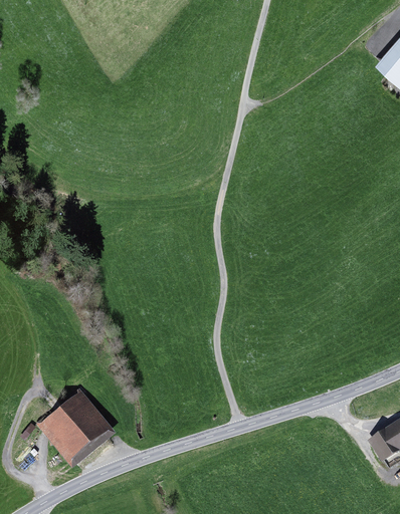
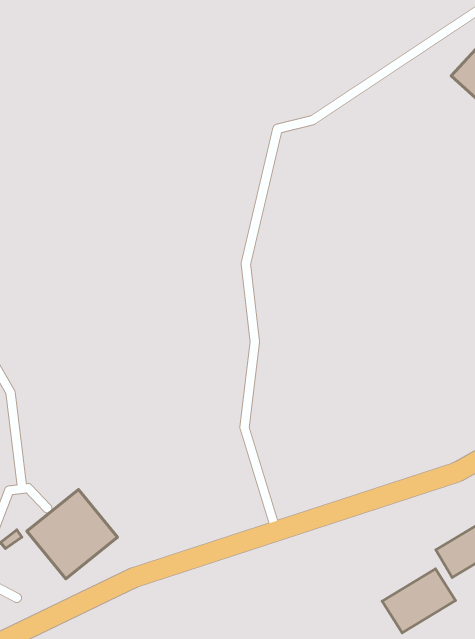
building: none -> [382,569,455,633]

